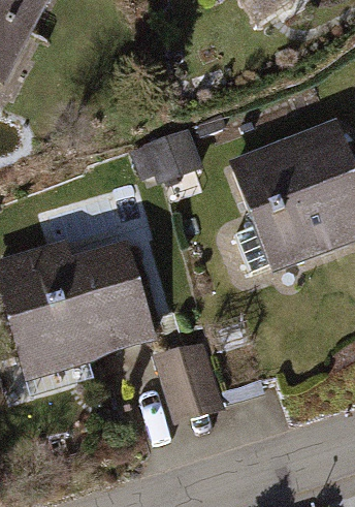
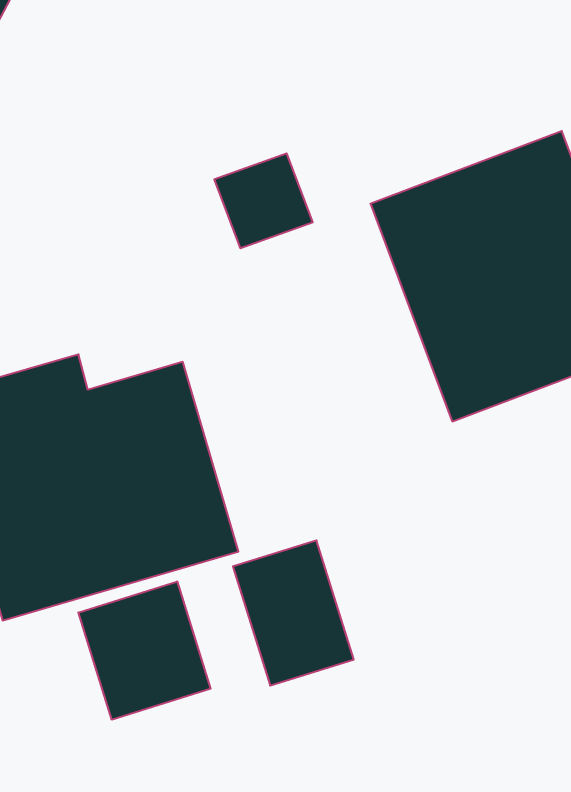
building: none -> [78,581,211,720]

